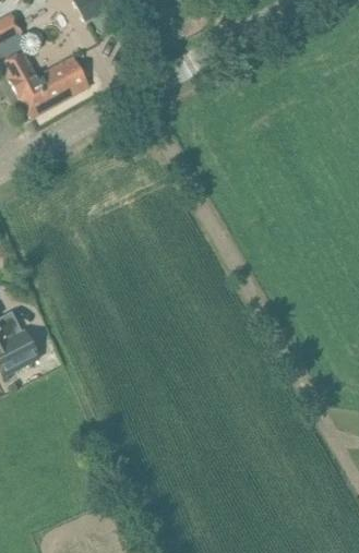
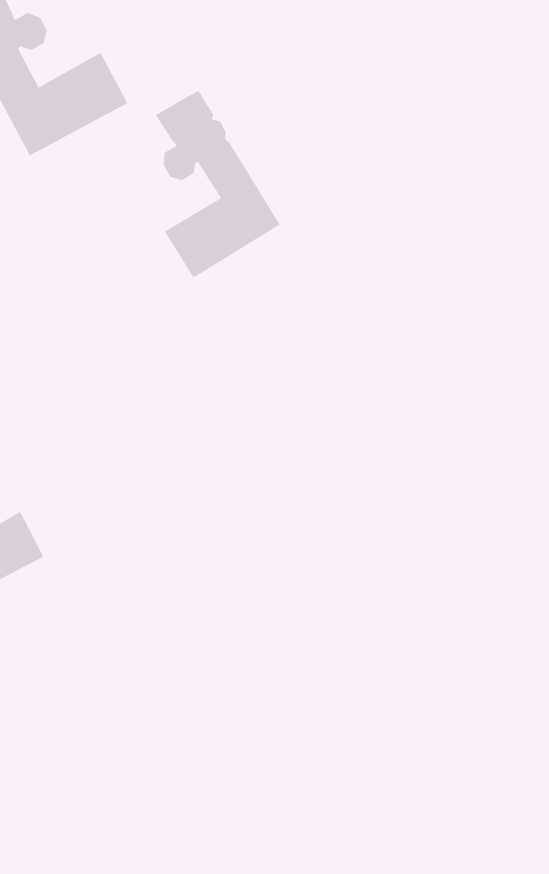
building: none -> [155,90,280,279]

